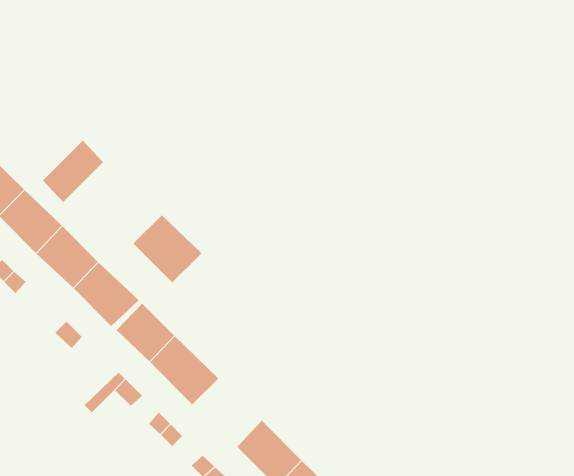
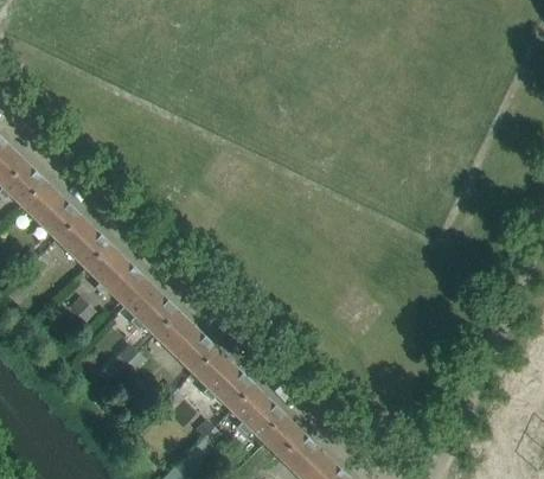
building: [42,140,104,203] -> none
building: [133,214,202,283] -> none
building: none -> [192,347,254,408]

